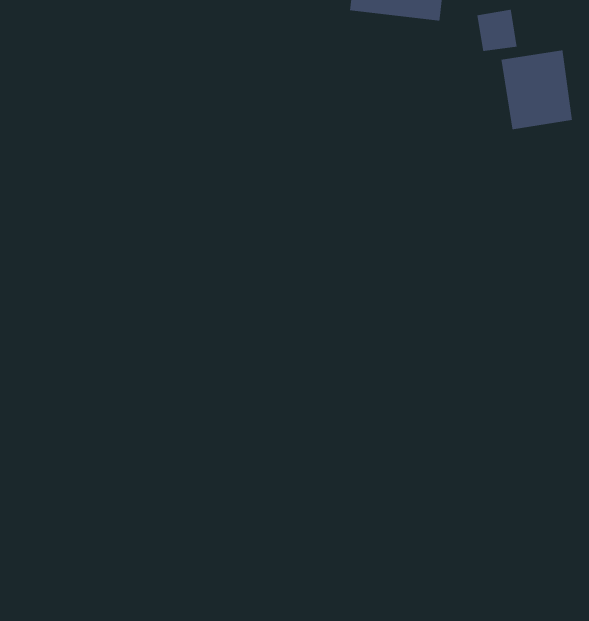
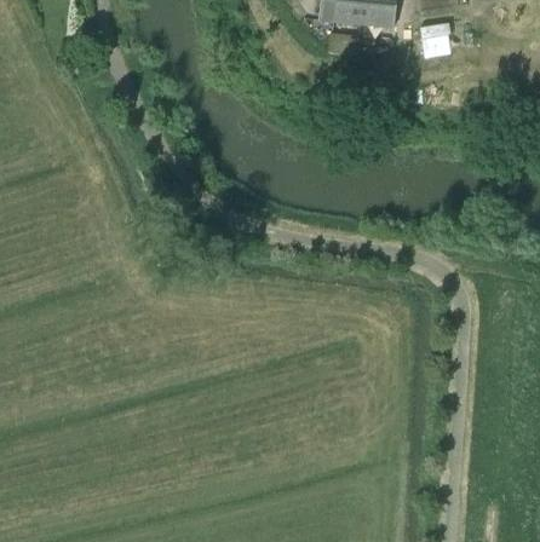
building: [501,49,572,130] -> none

